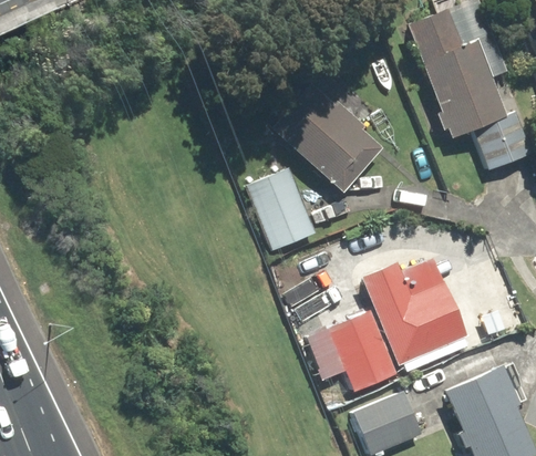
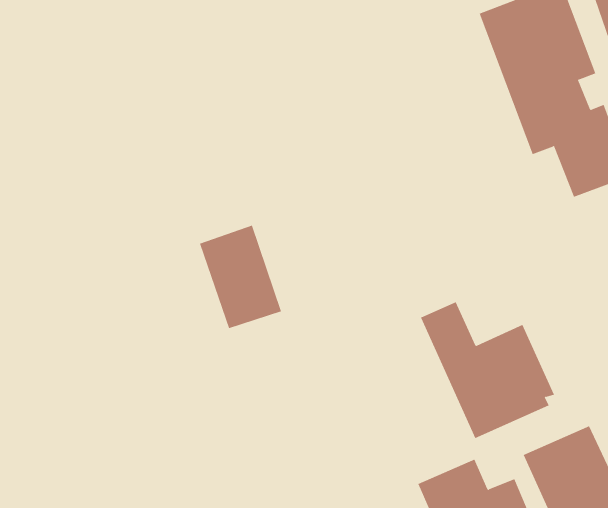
building: [270,76,386,191] -> none
building: [245,166,313,252] -> [199,225,282,329]
building: [322,302,396,394] -> none

